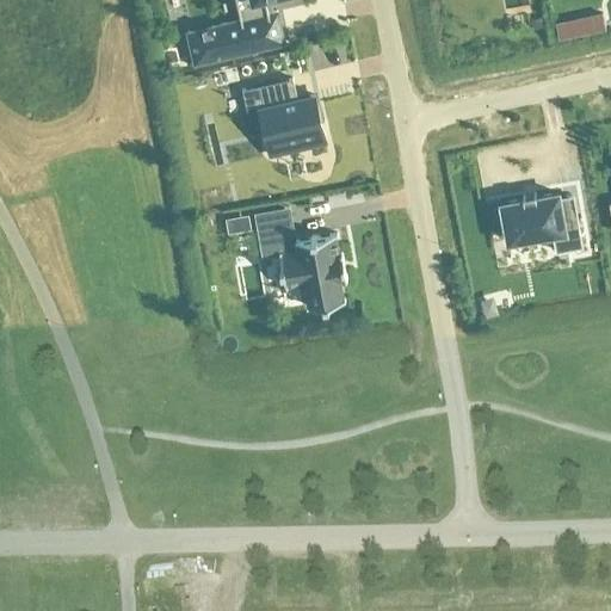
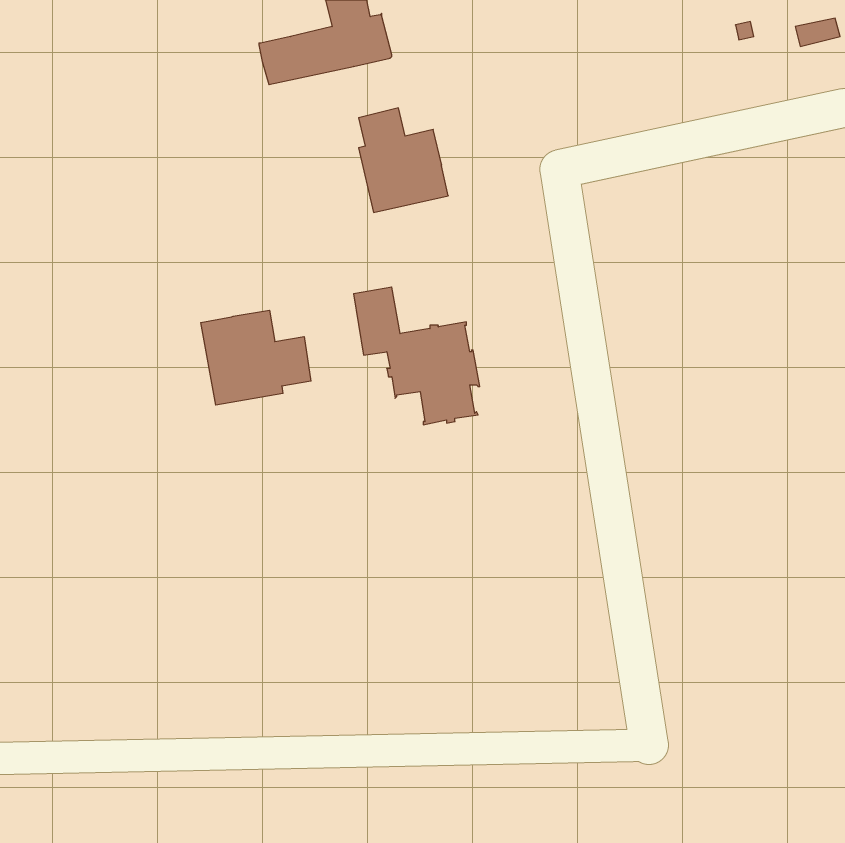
building: [500,196,580,254] -> none
building: none -> [201,310,311,405]

